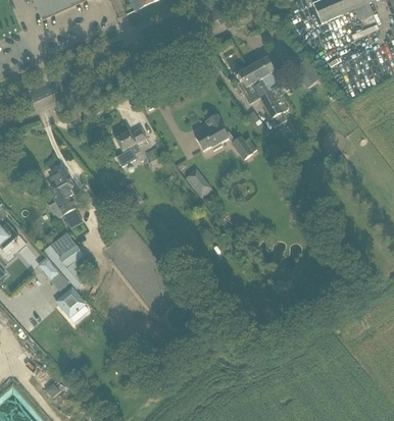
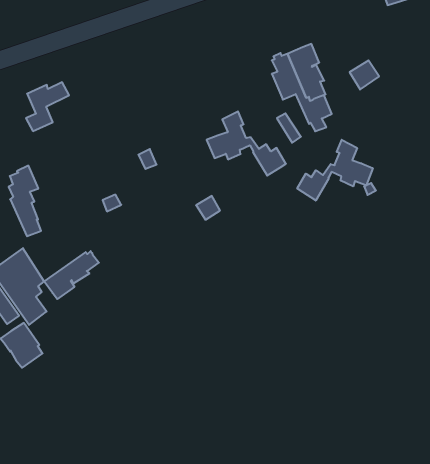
building: none -> [297,140,373,201]
building: [114,126,146,165] -> [26,82,69,131]
building: none -> [44,251,99,299]

